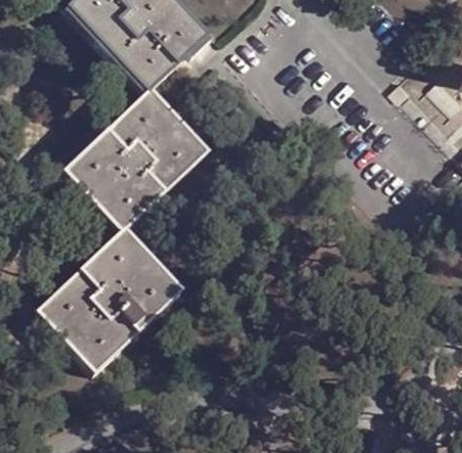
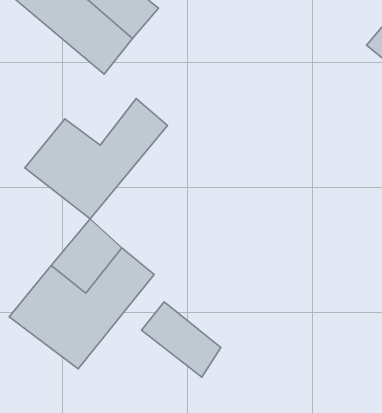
building: [111,92,180,158] -> none
building: none -> [141,302,221,377]

